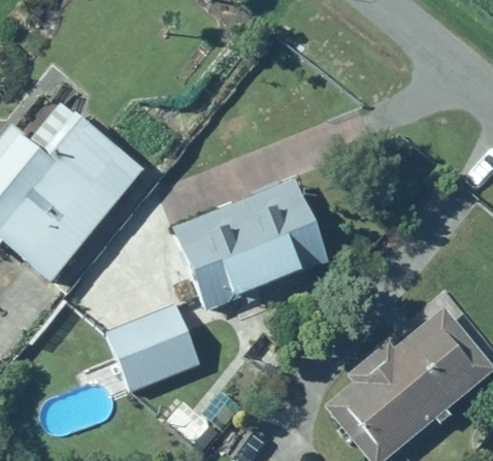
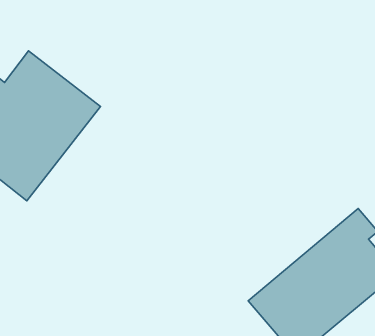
building: [173,180,330,311] -> none
building: [107,305,201,392] -> none

